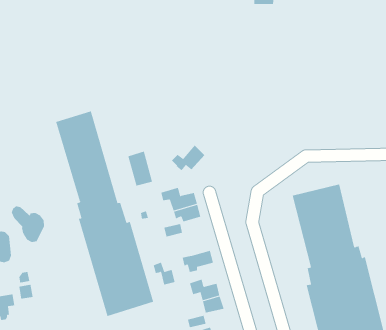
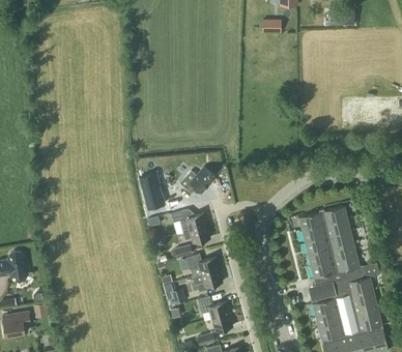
building: [55,111,154,317] -> none
building: [11,206,45,243] -> none
building: none -> [185,253,220,276]

